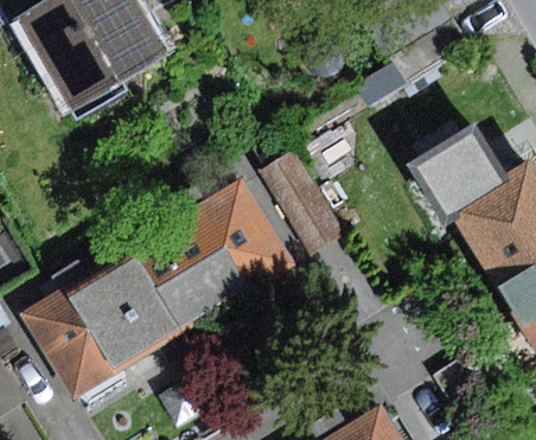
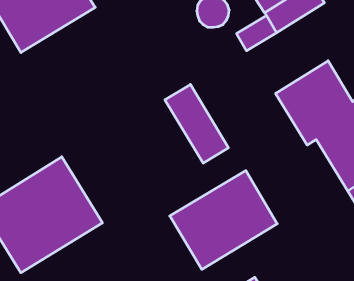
building: [126,179,293,334] -> none
building: none -> [170,171,277,269]

